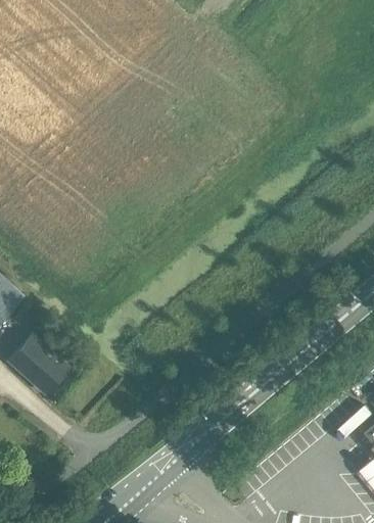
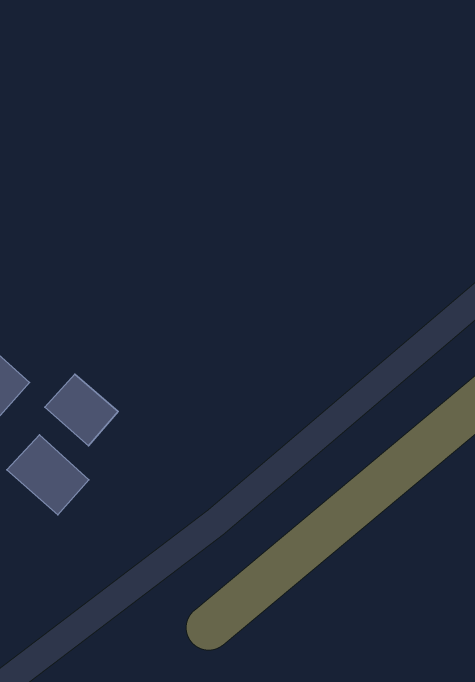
building: none -> [45,374,118,446]

